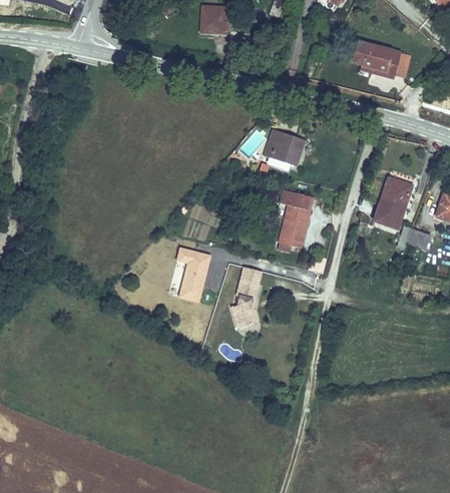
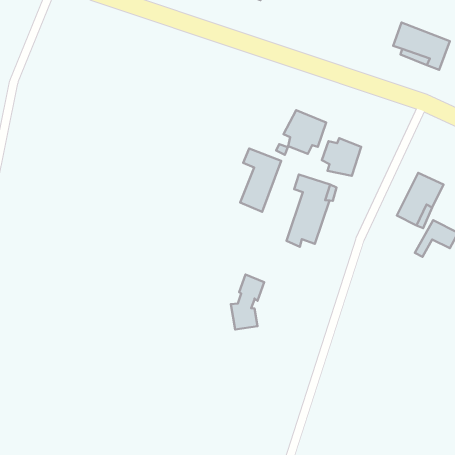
building: none -> [322,138,361,176]
building: [181,246,214,301] -> [240,149,281,212]

